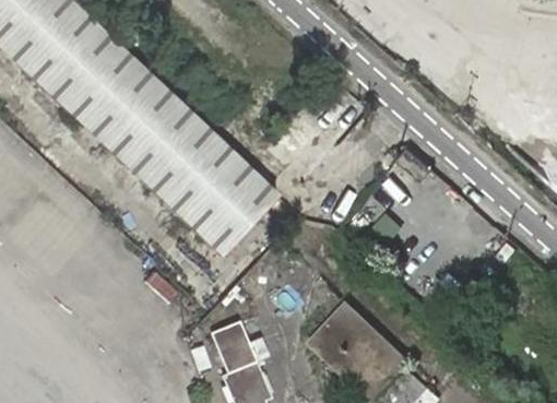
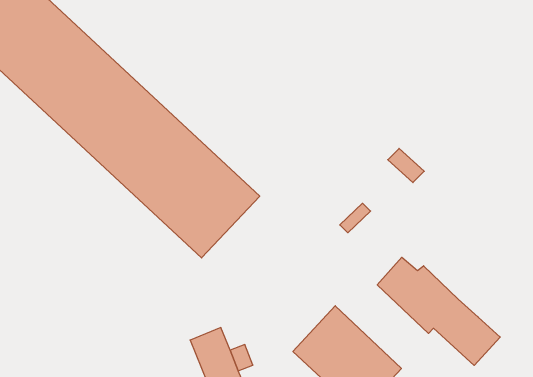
building: none -> [377,257,500,365]

